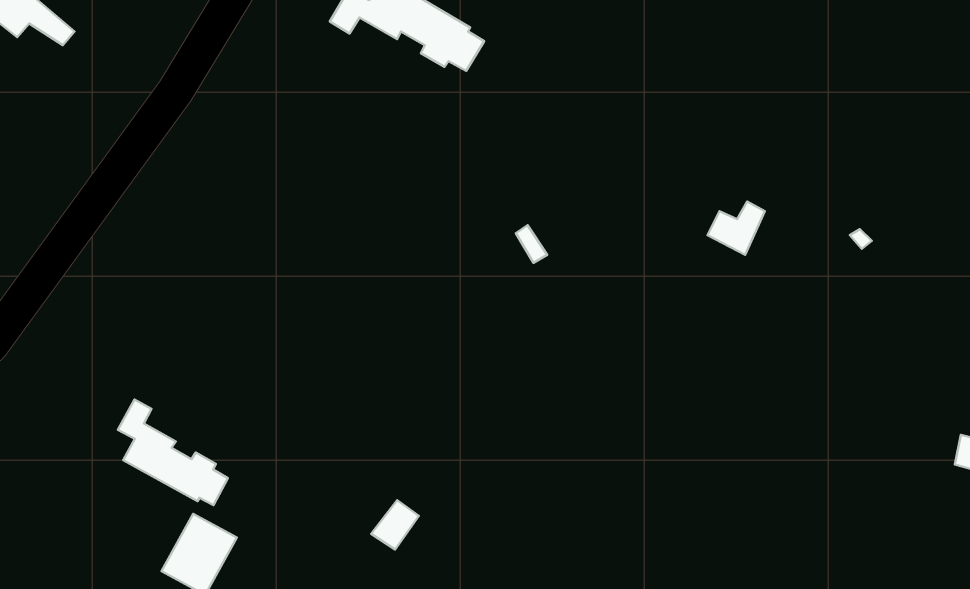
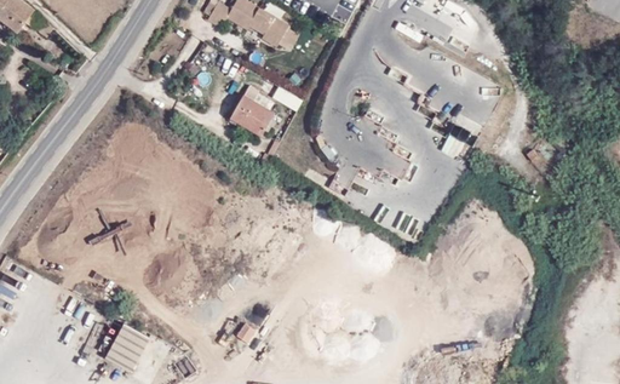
building: none -> [228,87,275,139]
building: [118,400,228,505] -> none

